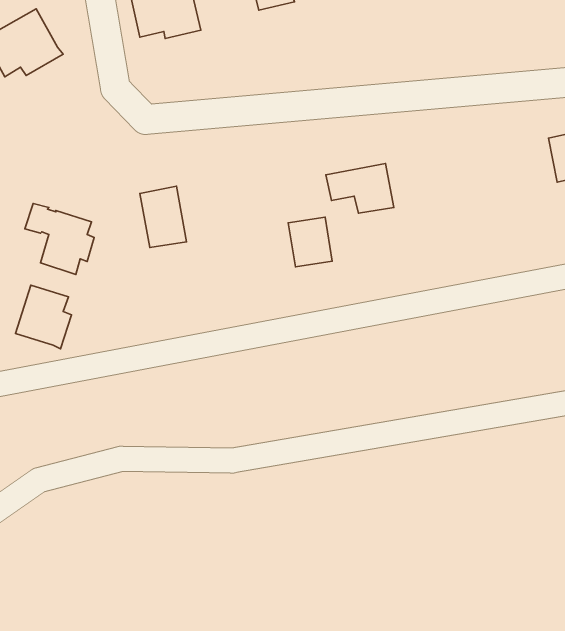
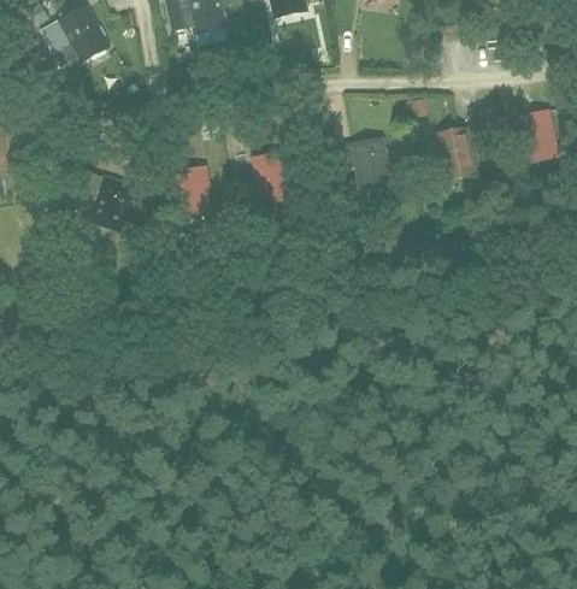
building: none -> [435,129,475,182]
building: [288,217,332,267] -> [252,154,289,196]
building: [16,285,72,349] -> none

